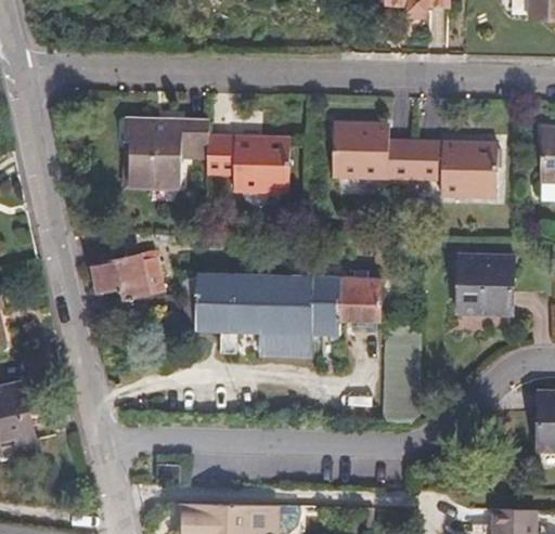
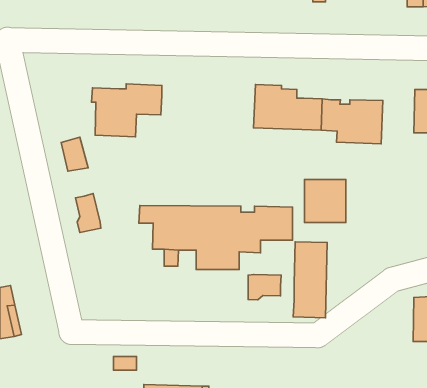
building: [210,134,288,193] -> none
building: [125,253,159,297] -> [61,137,88,171]
building: [459,256,512,311] -> [305,180,346,223]
building: none -> [248,275,281,300]

